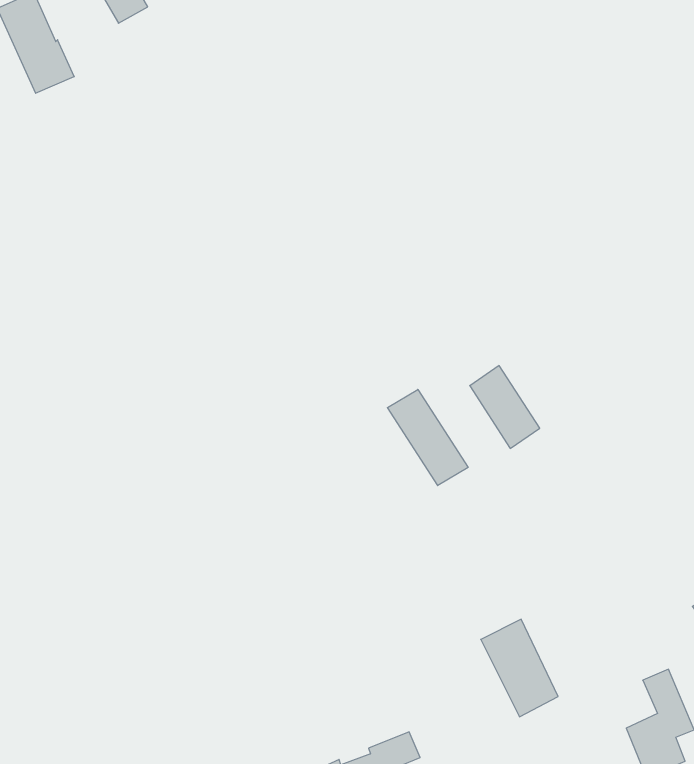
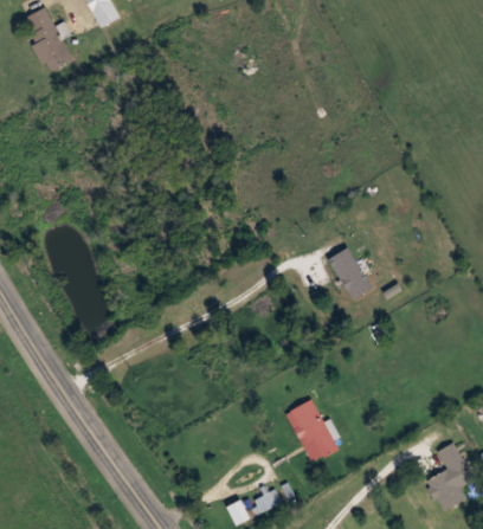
building: [387,389,468,486] -> none
building: [481,619,558,717] -> [286,399,336,462]

